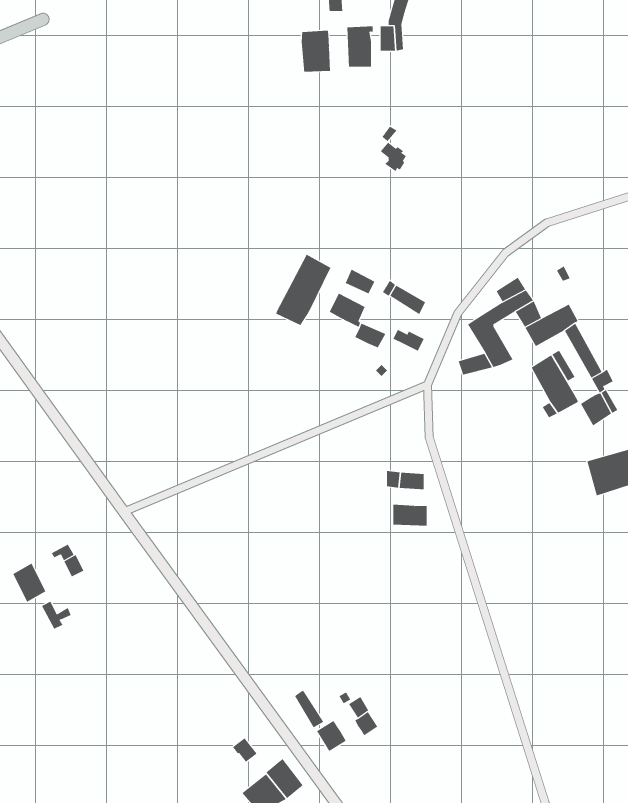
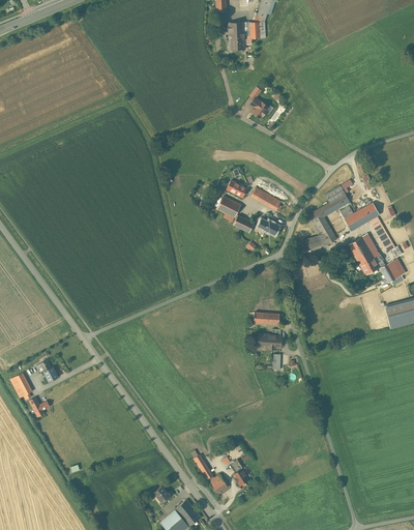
building: [301,30,330,72] -> none
building: [276,254,331,326] -> none

